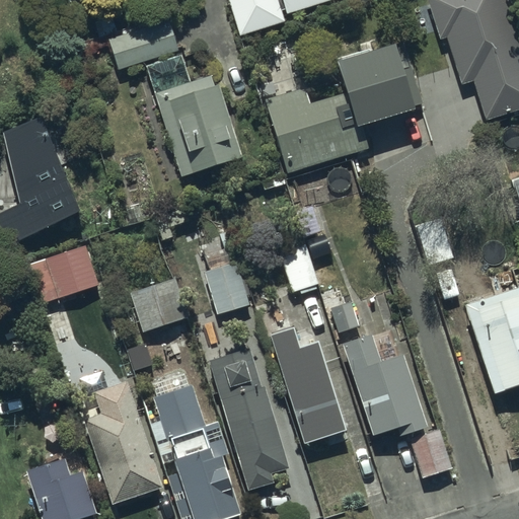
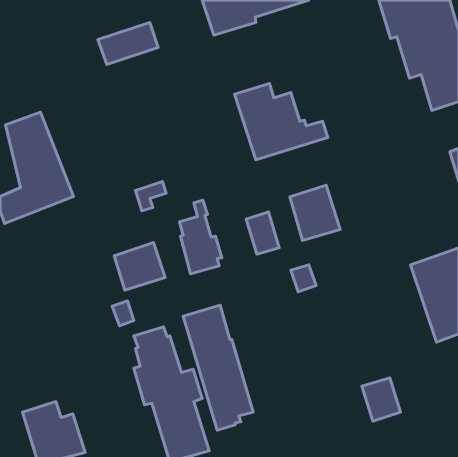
building: [337,52,429,140] -> none
building: [150,64,245,183] -> none
building: none -> [290,185,340,241]
building: [27,244,98,302] -> none
building: [270,325,344,441] -> none
building: [344,332,427,433] -> none
building: [84,378,161,501] -> none

